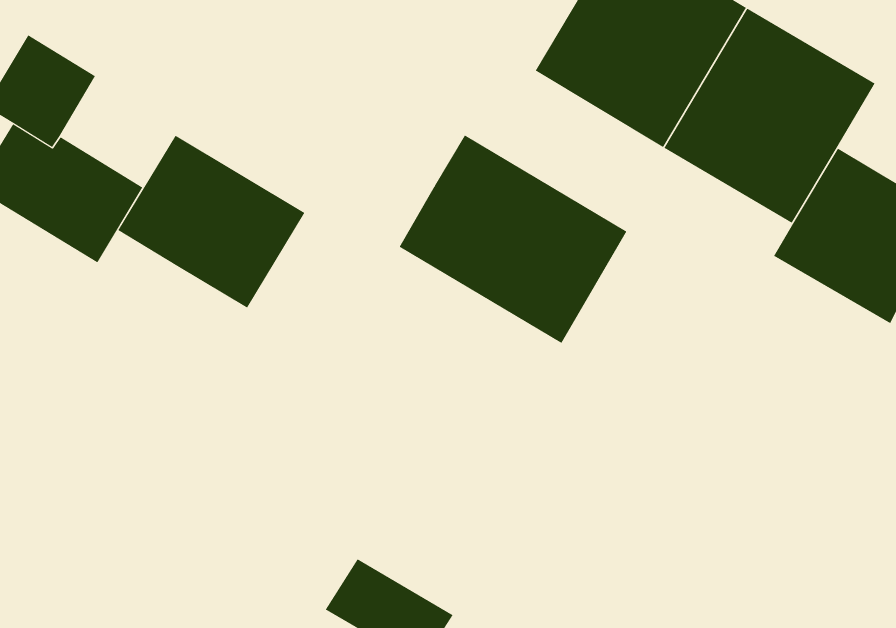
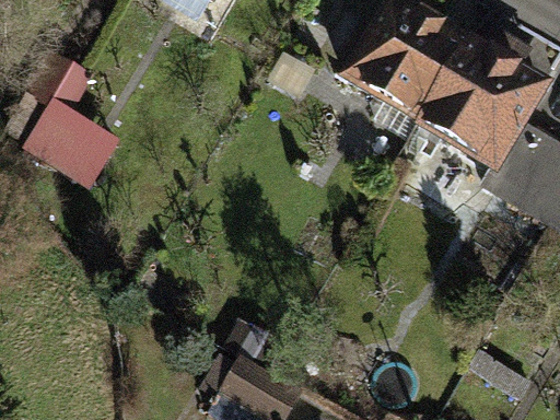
building: [399,135,627,344] -> none
building: [118,135,305,308] -> none

